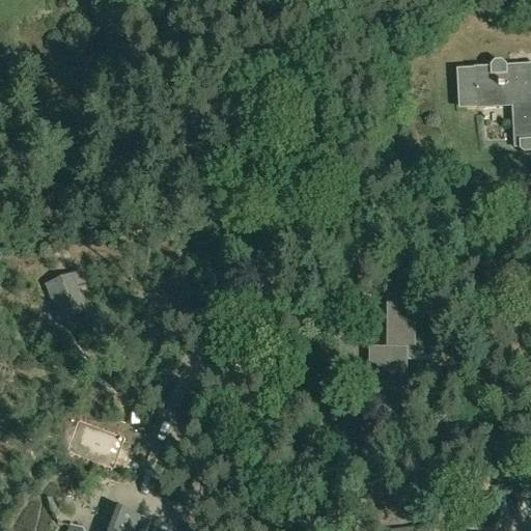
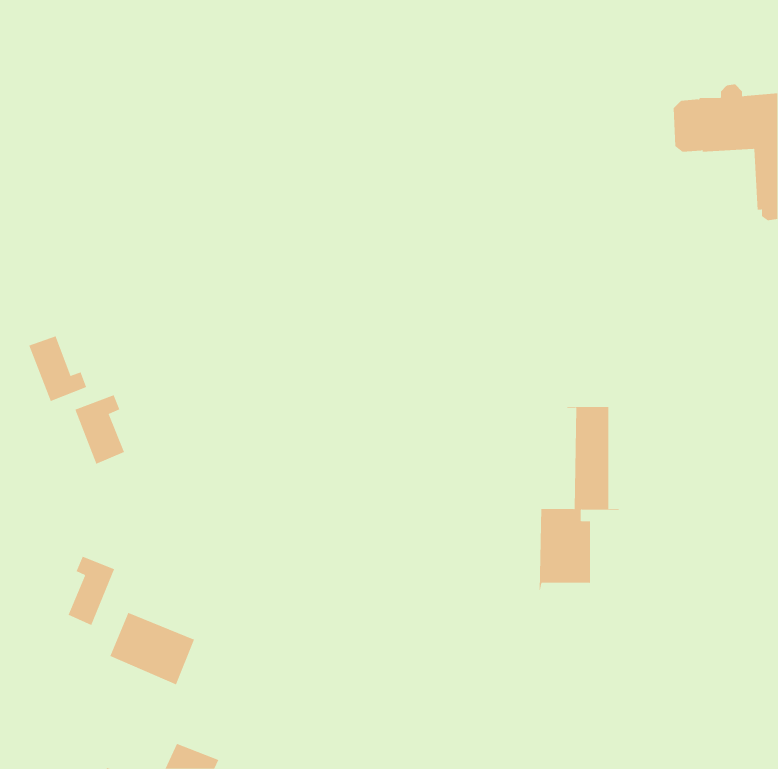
building: none -> [28,336,87,402]
building: none -> [68,556,115,626]

